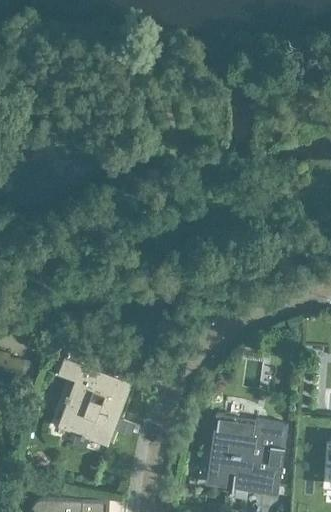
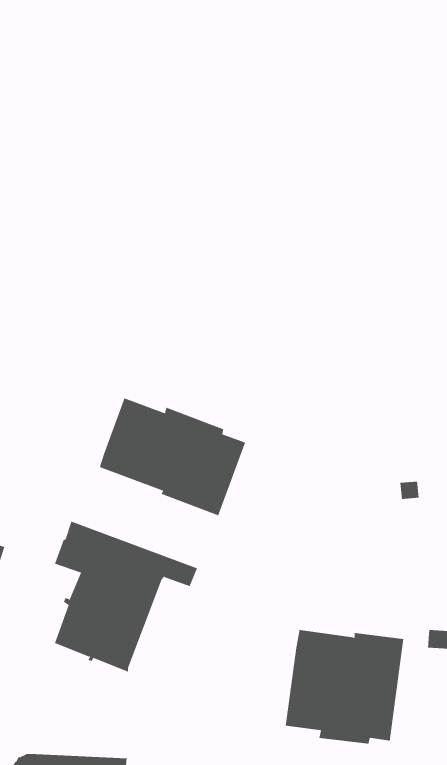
building: none -> [99,397,246,516]

